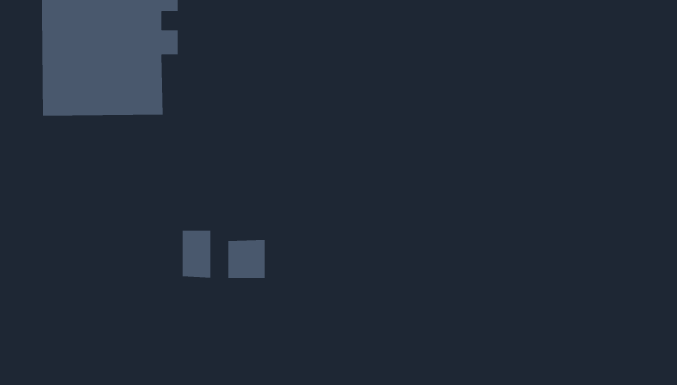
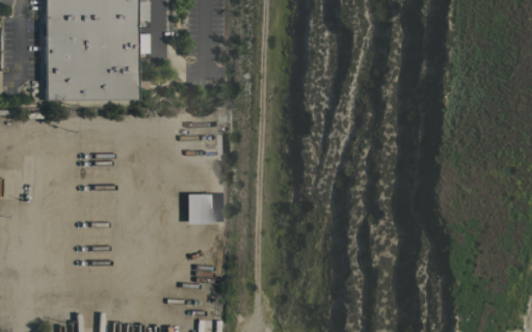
building: [182,230,211,278] -> none

